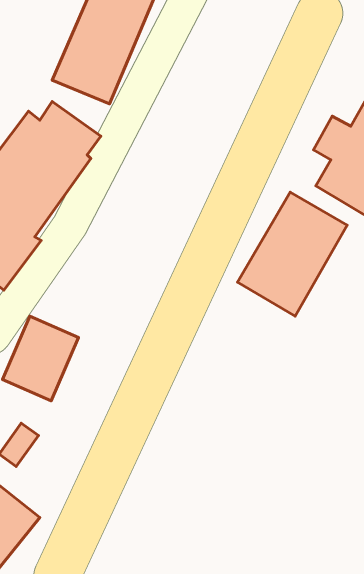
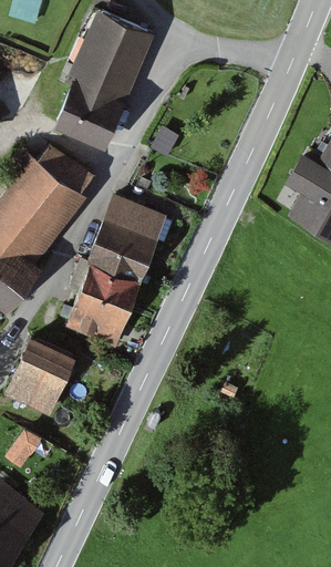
building: none -> [74,197,169,332]
building: [238,192,347,316] -> none

